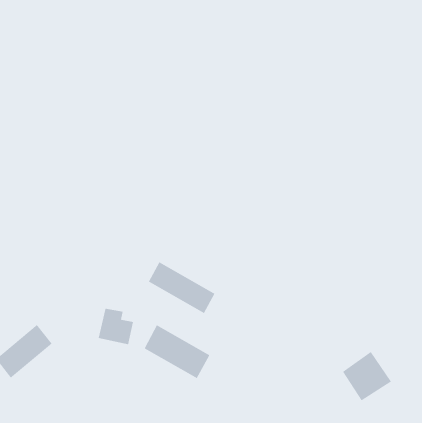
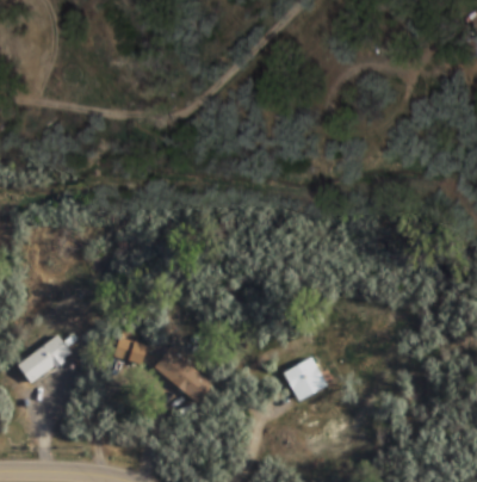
building: [148,261,215,314] -> none
building: [342,351,392,401] -> [281,357,326,401]

